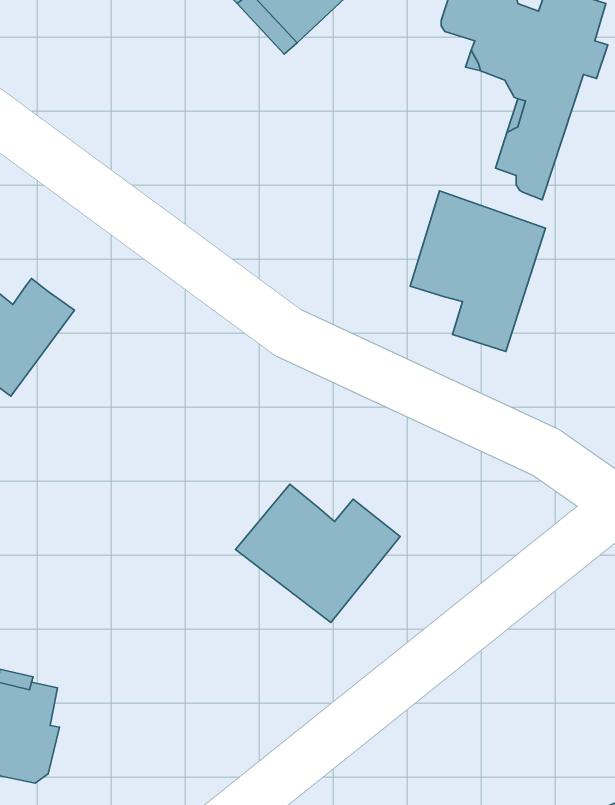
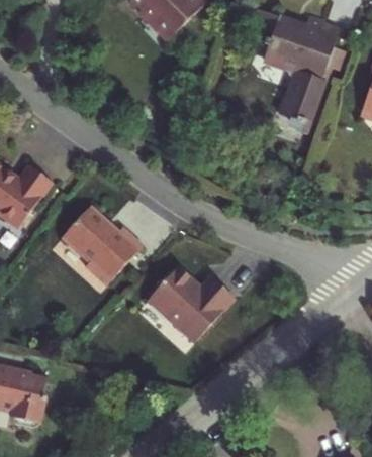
building: [410,191,545,352] -> none
building: none -> [63,208,143,285]

